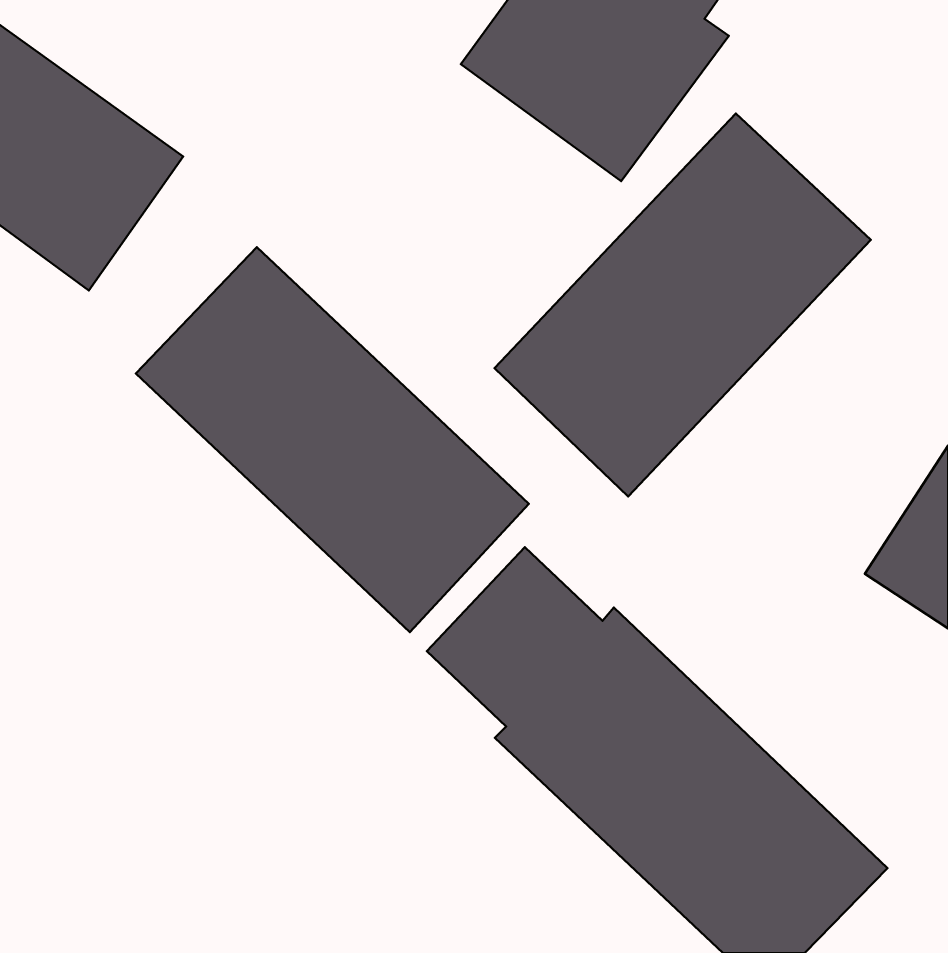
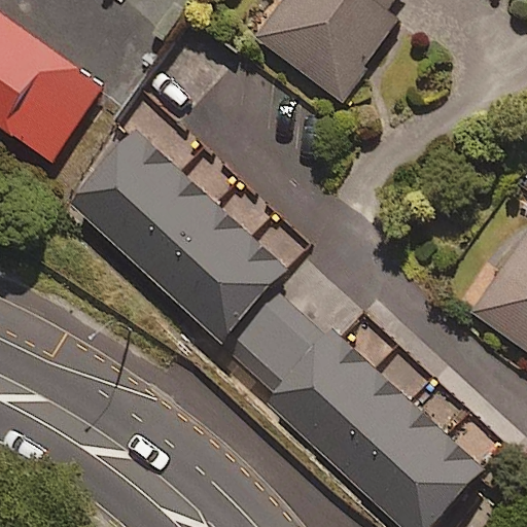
building: [495,113,871,497] -> none

